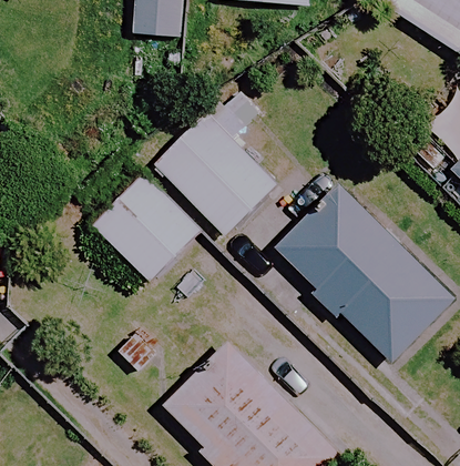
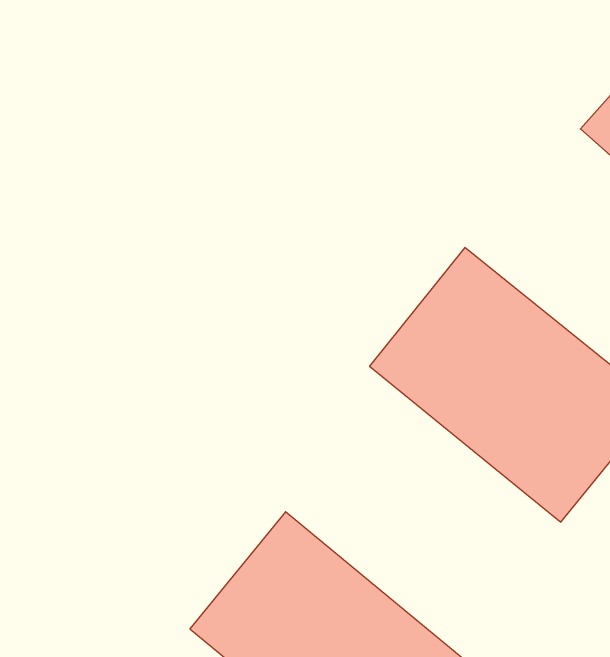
building: [152,113,275,234] -> none
building: [91,171,200,281] -> none

